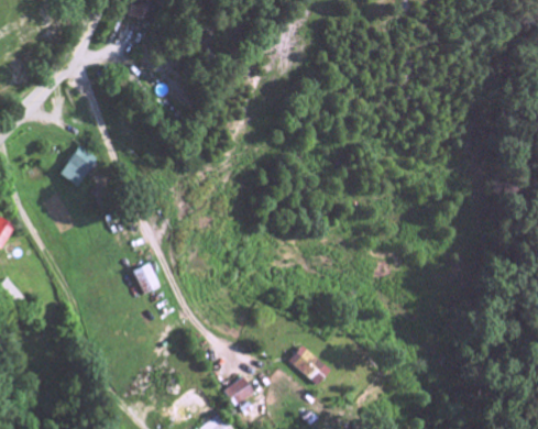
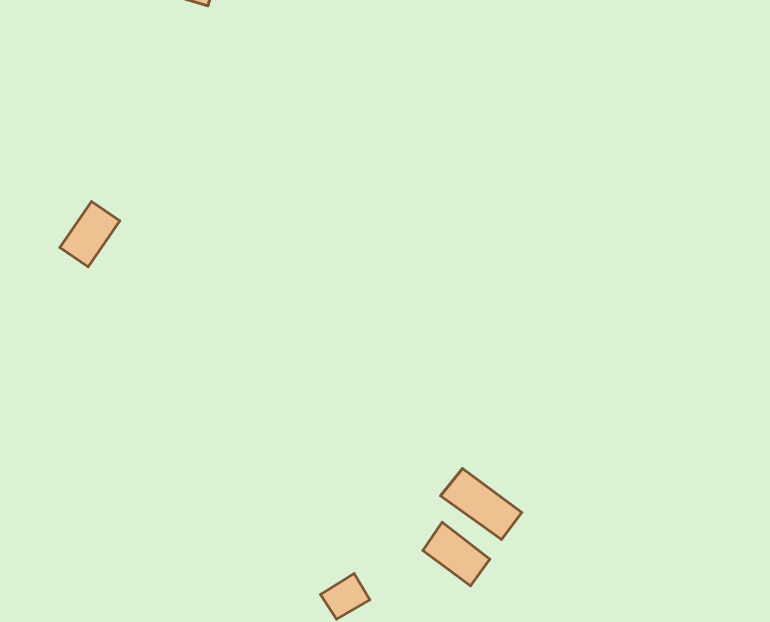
building: [132,262,158,293] -> none
building: none -> [440,469,522,539]

